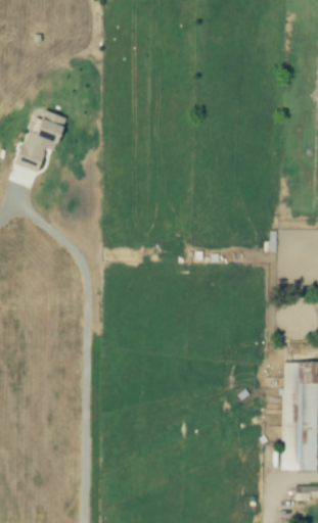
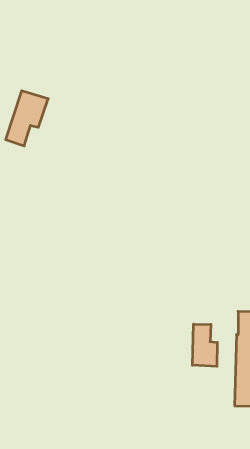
building: none -> [192,324,217,366]

